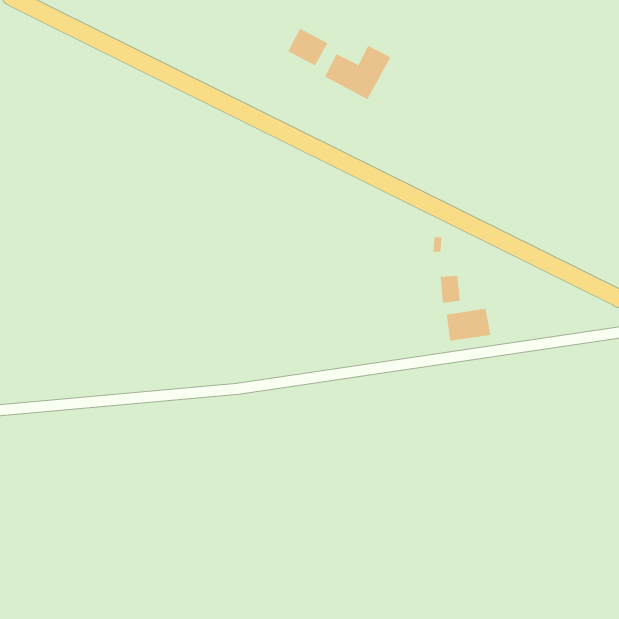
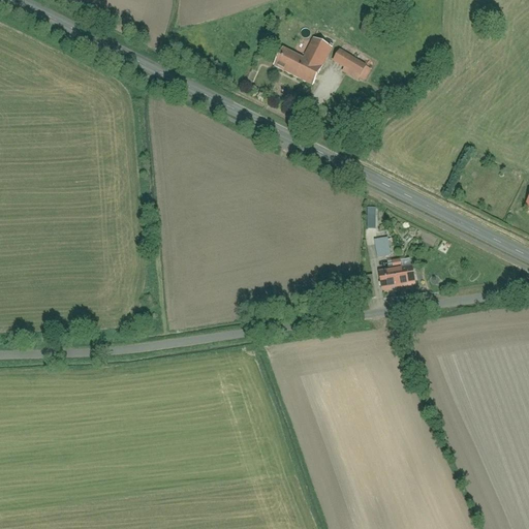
building: [288,28,328,66] -> none
building: none -> [335,45,369,76]

